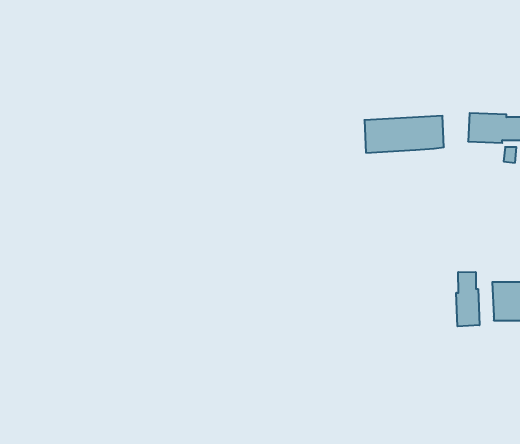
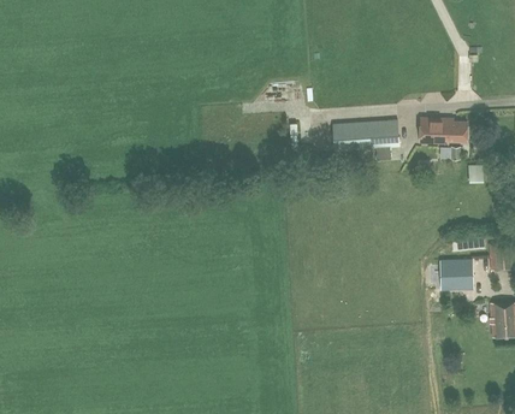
building: [456,272,479,326] -> none

